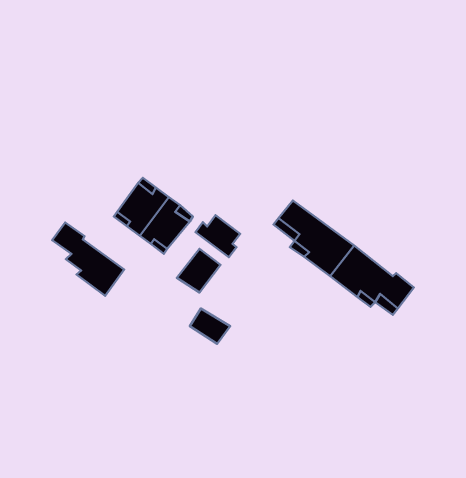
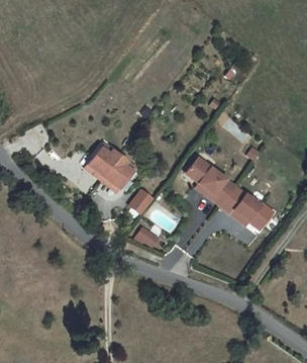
building: [196,215,240,257] -> none
building: [52,223,124,296] -> none

